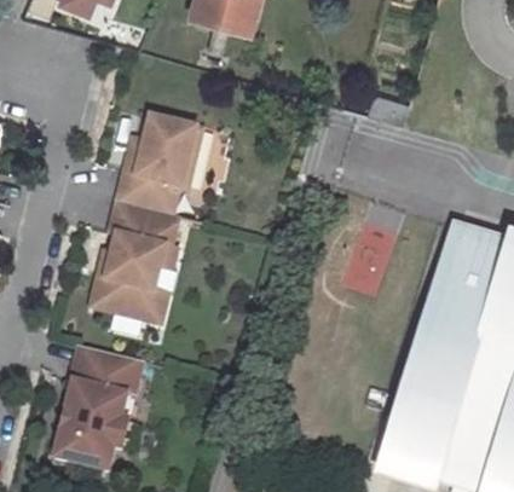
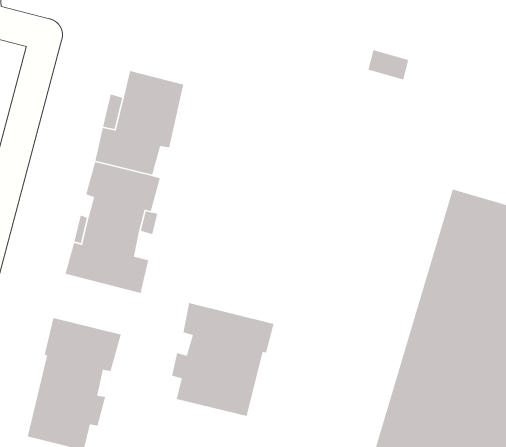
building: none -> [171,302,274,417]

